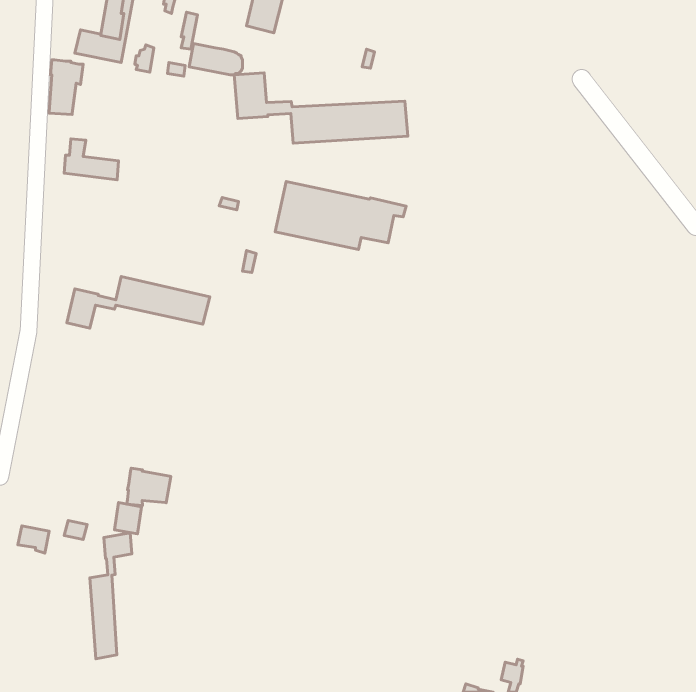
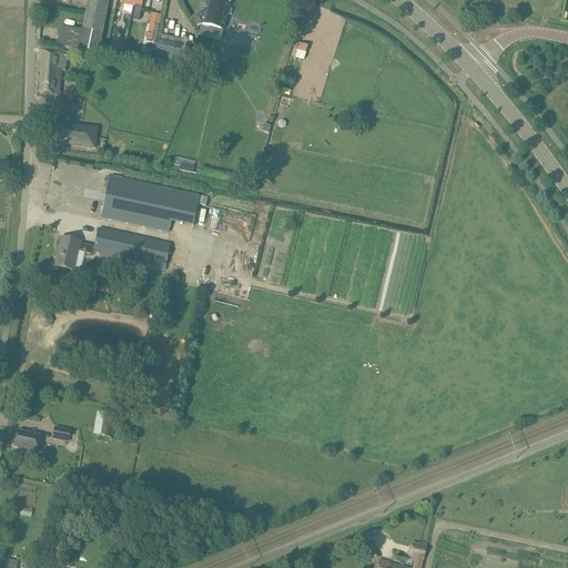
building: [234,73,408,143] -> none
building: [275,182,406,250] -> [101,174,207,230]
building: [127,468,171,505] -> none
building: [90,533,132,659] -> none

